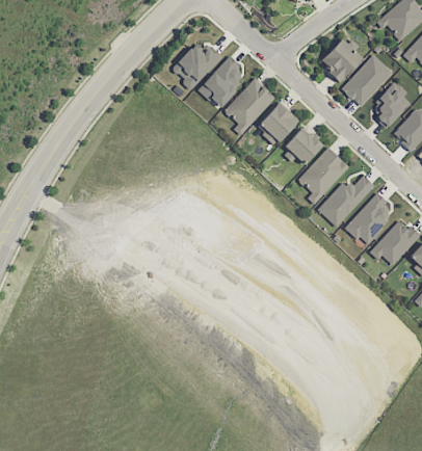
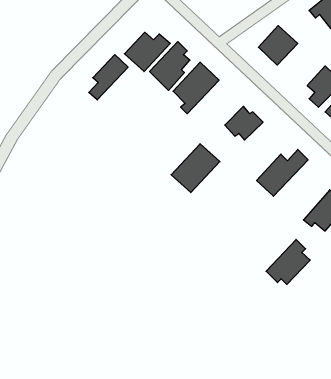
building: [341,54,393,106] -> none
building: none -> [89,55,128,100]
building: [256,103,297,144] -> none
building: [295,147,349,201] -> [171,144,220,193]
building: [344,192,393,242] -> [266,239,310,284]

